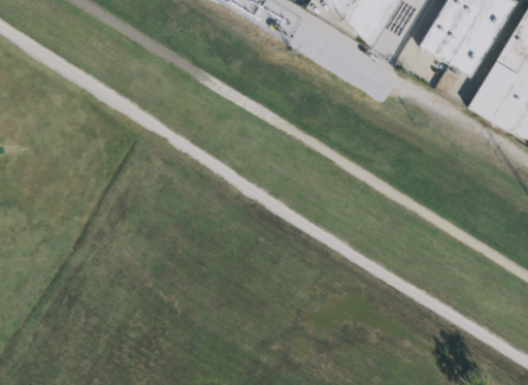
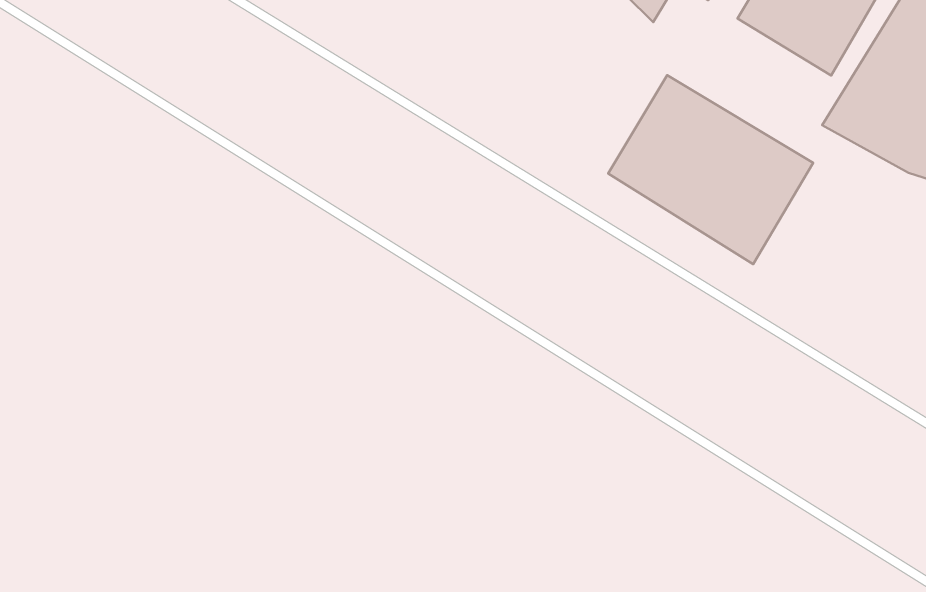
building: none -> [608,75,813,264]

